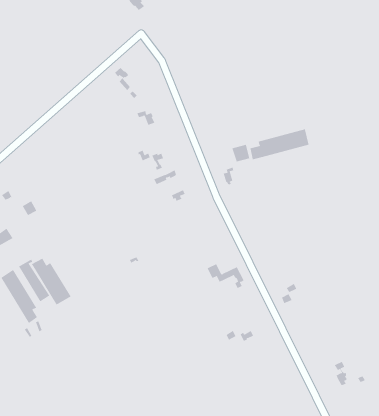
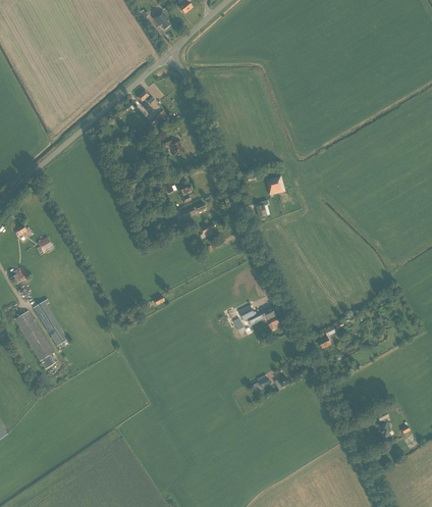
building: [250,128,309,160] -> none
building: [31,258,71,306] -> none

